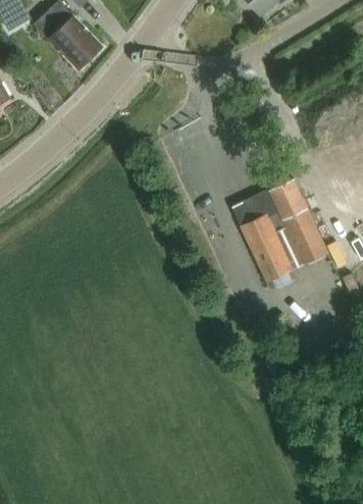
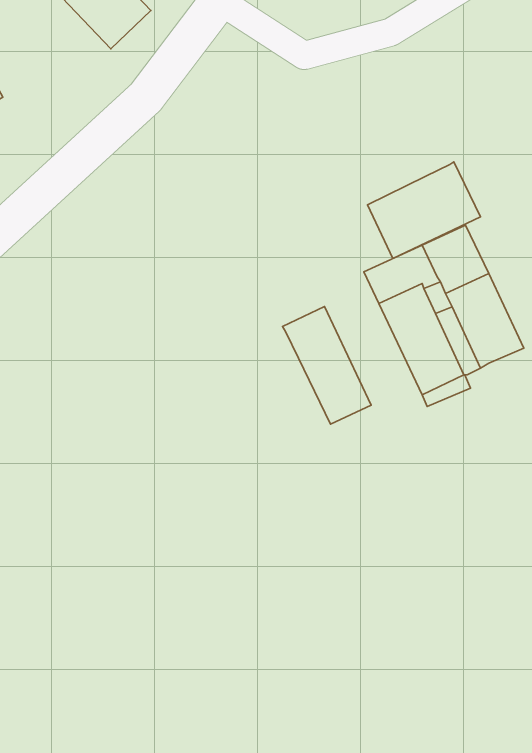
building: none -> [368,162,481,259]
building: none -> [283,306,371,424]

